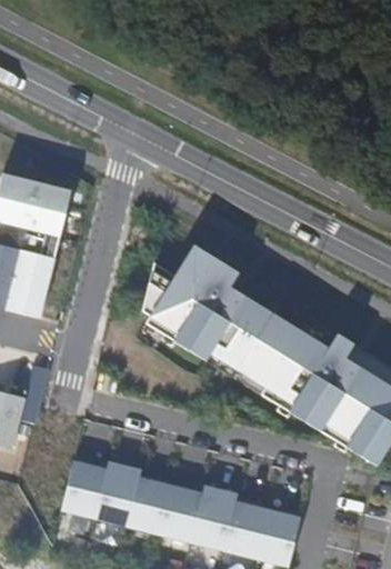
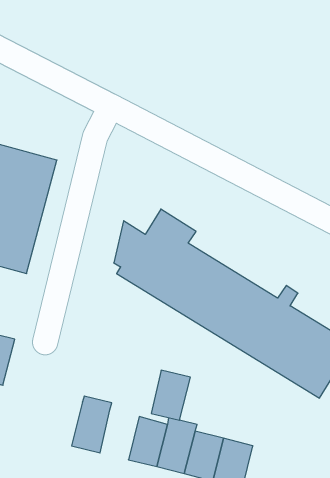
building: [58,458,103,516] -> none
building: [123,475,168,531] -> [151,370,190,420]

